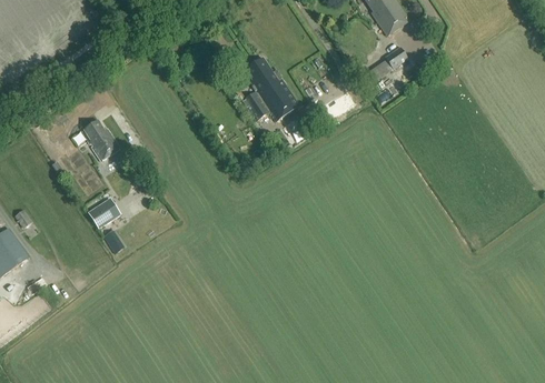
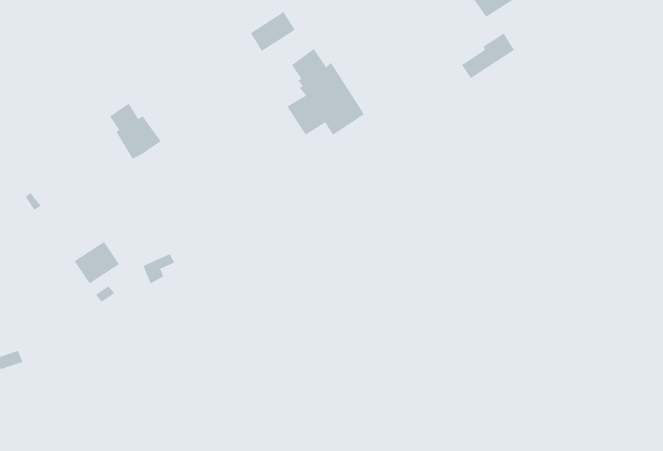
building: none -> [250,11,295,52]
building: [82,120,120,161] -> [109,103,161,159]

